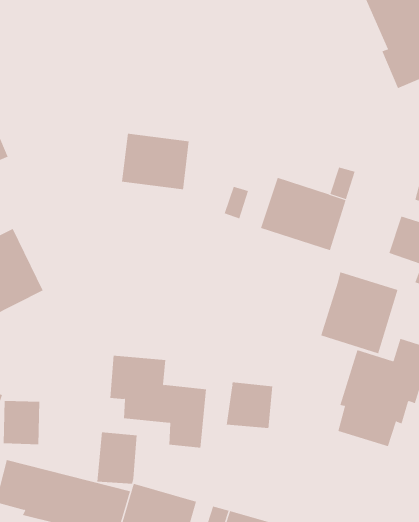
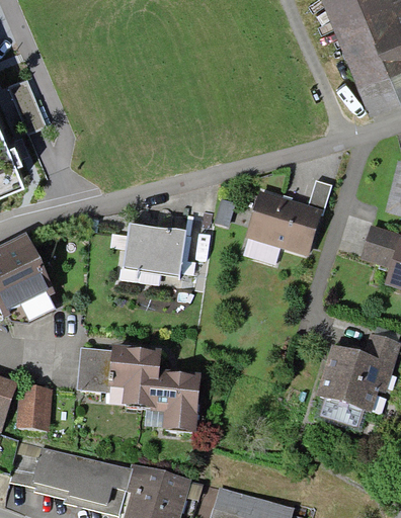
building: [121,133,189,190] -> [124,225,184,275]
building: [320,271,398,354] -> none
building: [226,381,273,429] -> none
building: [97,432,137,484] -> [78,345,114,392]

